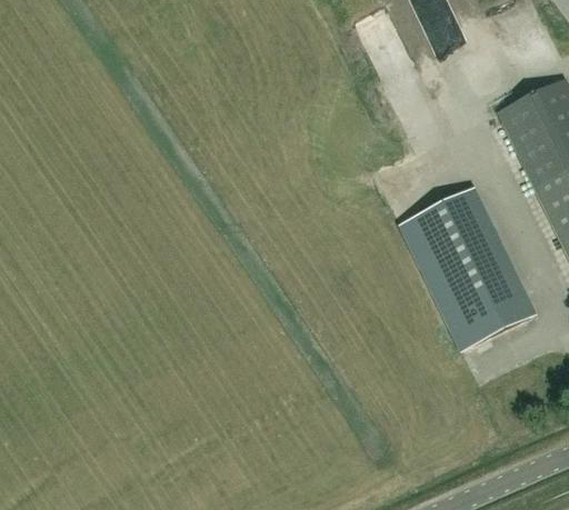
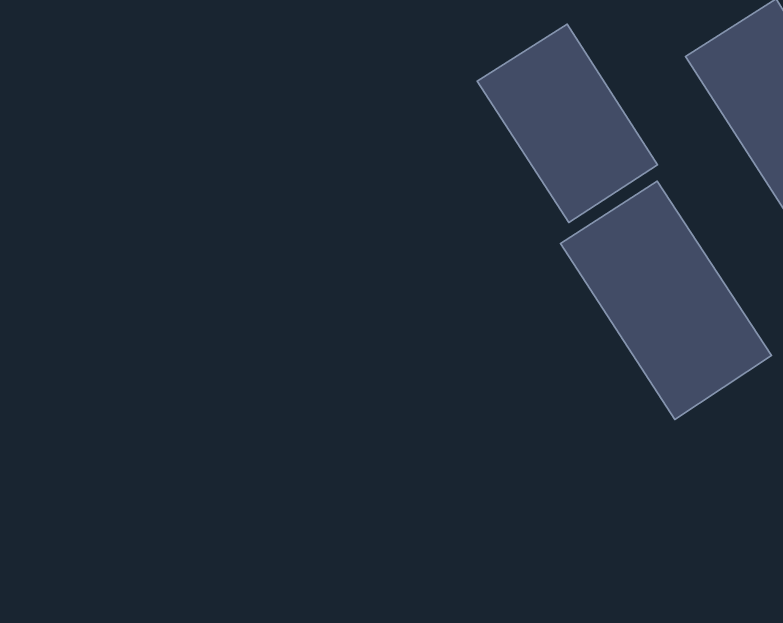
building: none -> [477,24,658,223]

